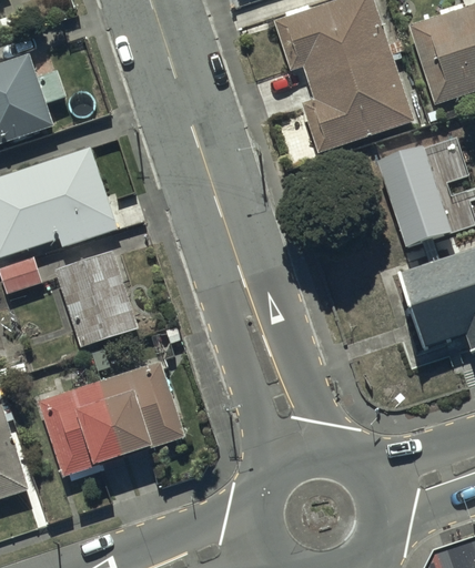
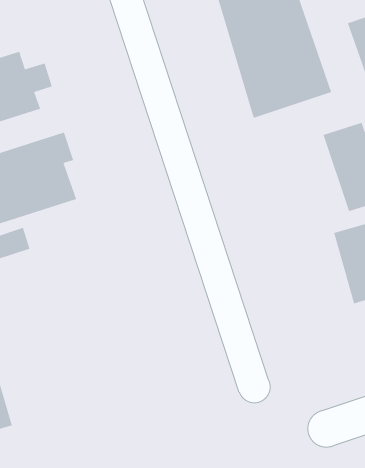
building: [60,252,148,352] -> none
building: [40,364,188,478] -> none

